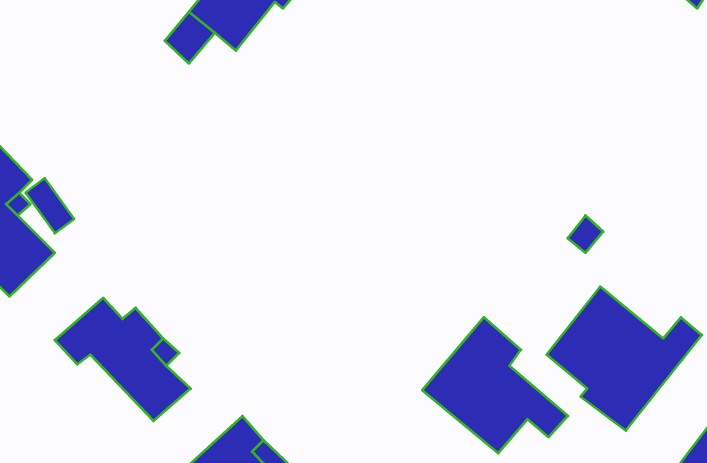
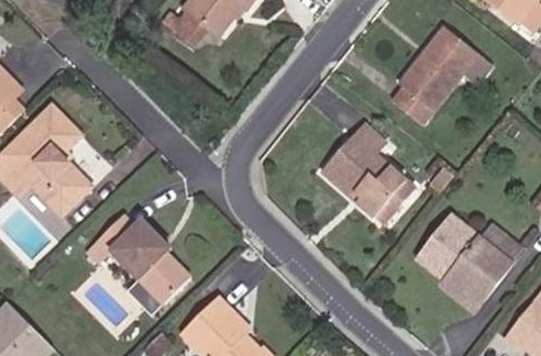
building: none -> [404,21,486,114]
building: [422,317,568,453] -> [320,119,419,211]

